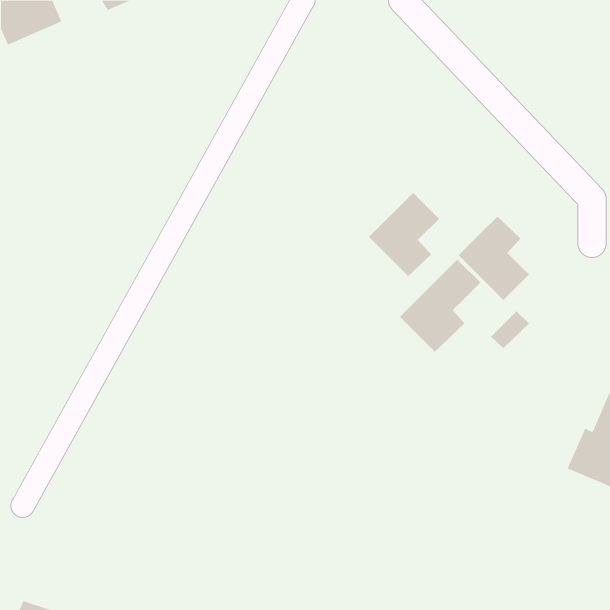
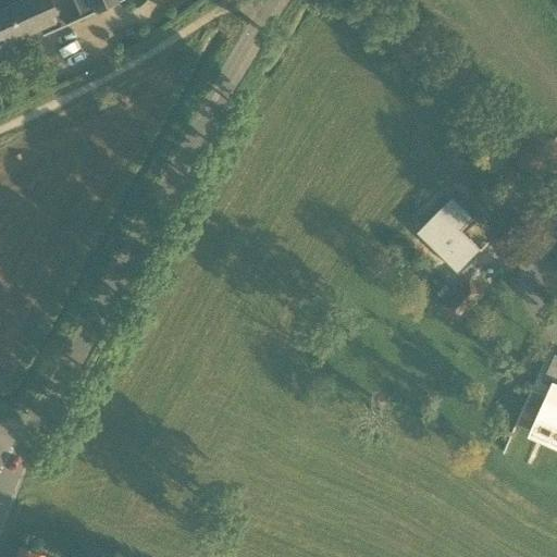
building: [368,192,440,277] -> none
building: [399,259,481,353] -> none

